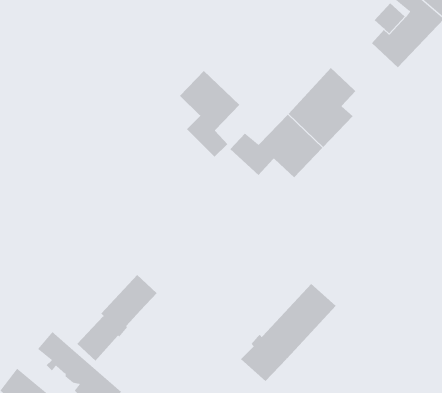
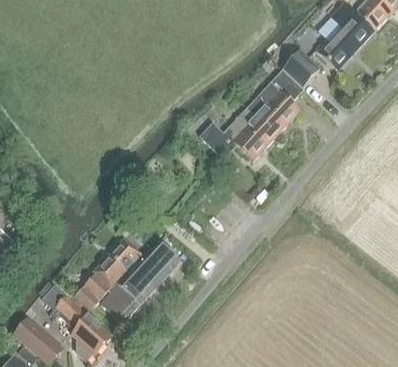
building: none -> [282,49,320,87]
building: [179,70,240,157] -> none
building: [240,283,336,382] -> [102,241,180,321]

